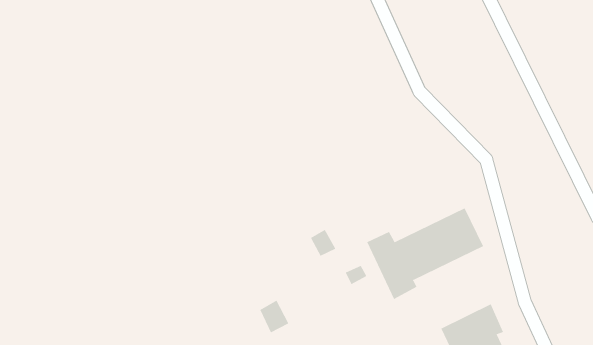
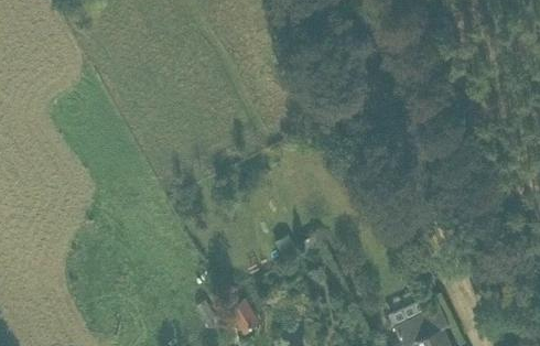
building: [367,208,484,300] -> none

